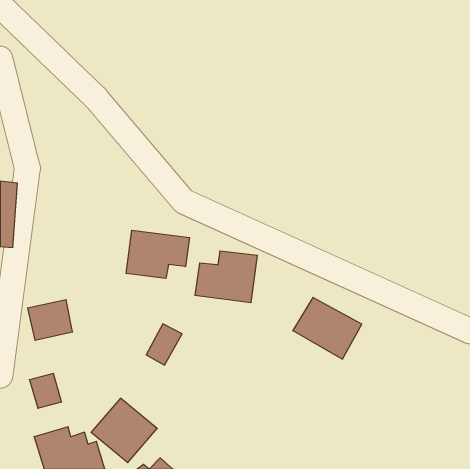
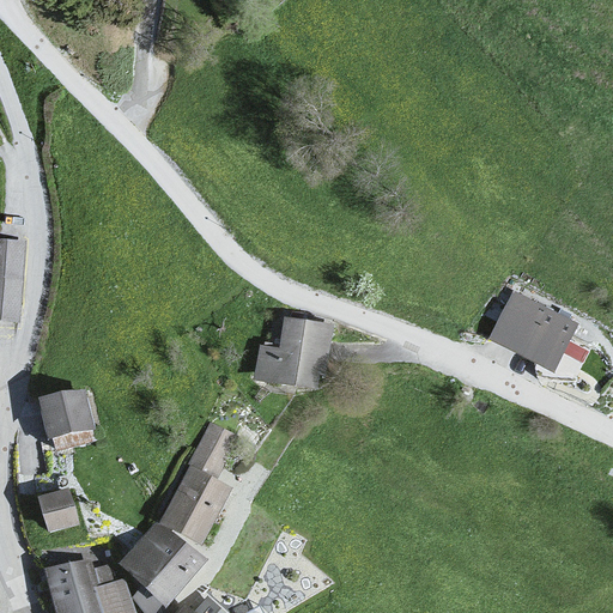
building: [126,230,190,278] -> none
building: [293,297,362,359] -> [488,292,578,372]
building: none -> [160,462,233,542]

